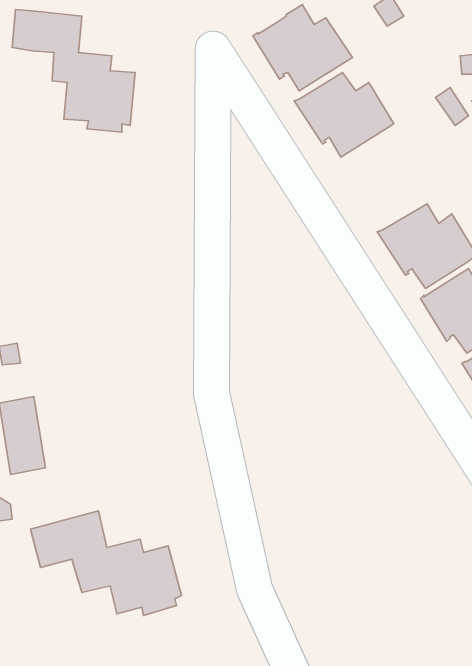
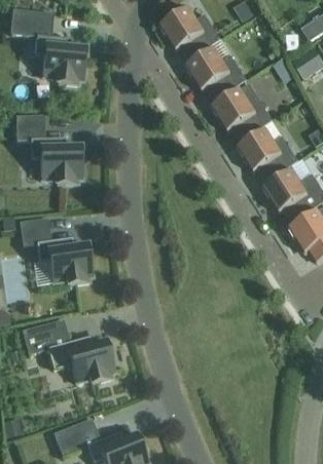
building: none -> [211,82,273,140]
building: none -> [15,114,82,184]
building: none -> [20,217,93,284]

